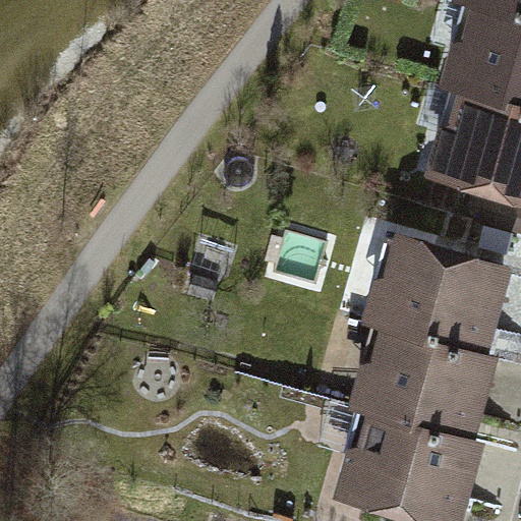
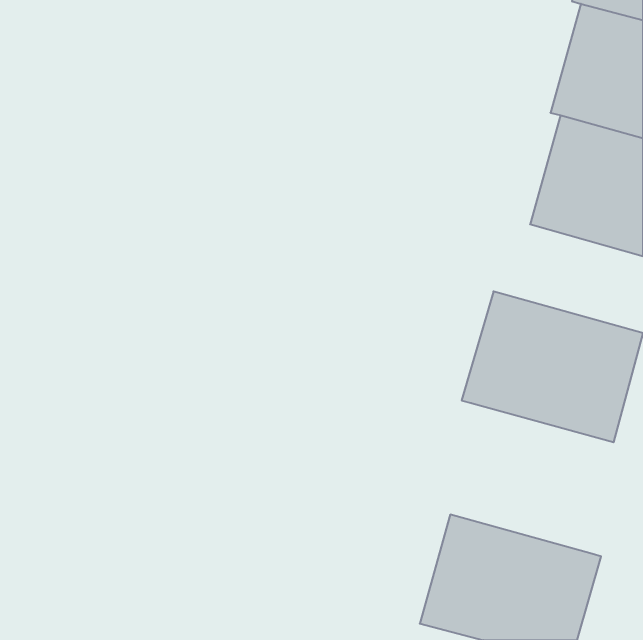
building: [353,324,500,445] -> none

